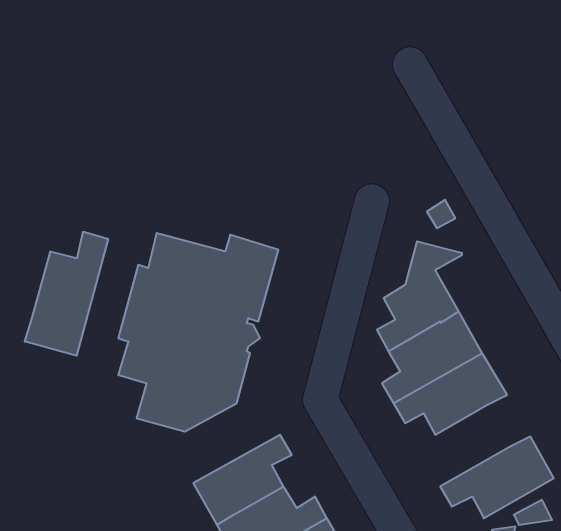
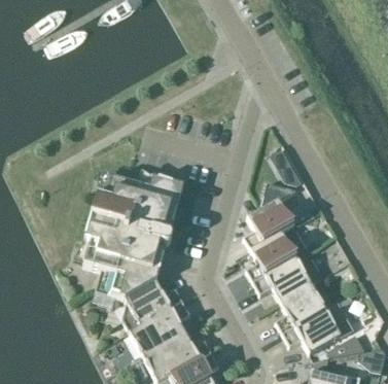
building: [25,232,108,356] -> none
building: none -> [122,282,183,331]
building: none -> [275,283,325,334]

